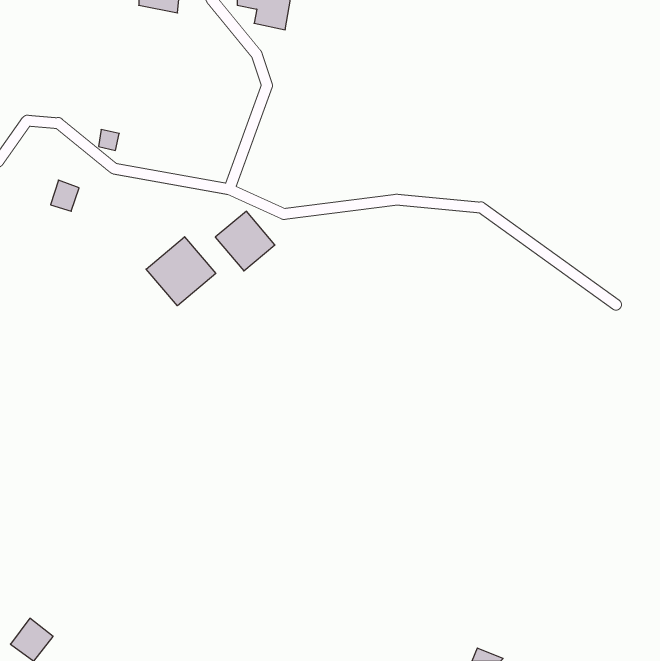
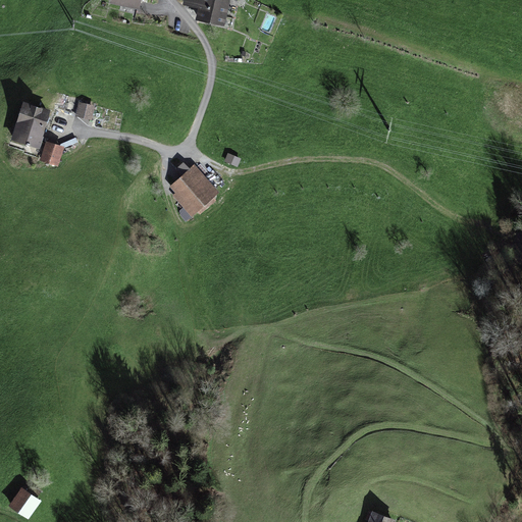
building: none -> [12,100,50,147]
building: [146,237,216,306] -> none

